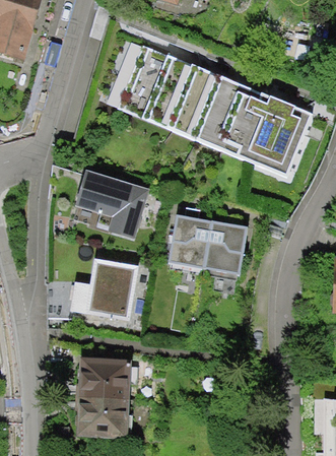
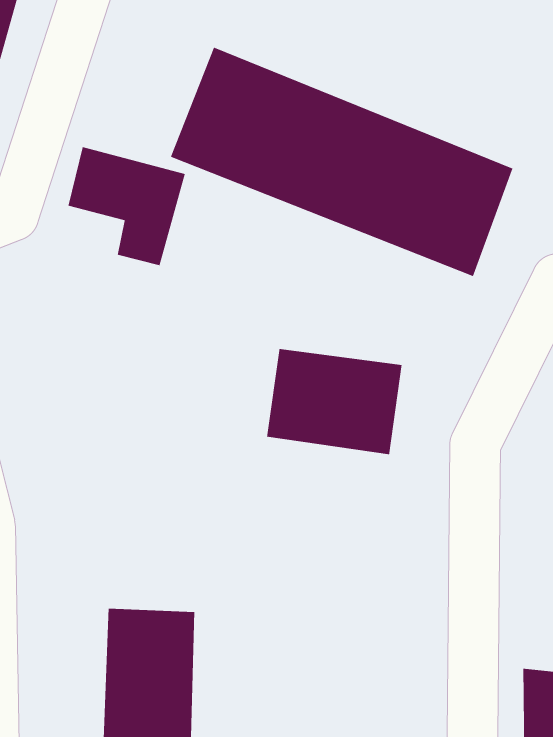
building: [79,172,145,239] -> [68,146,186,266]
building: [71,259,136,318] -> none

